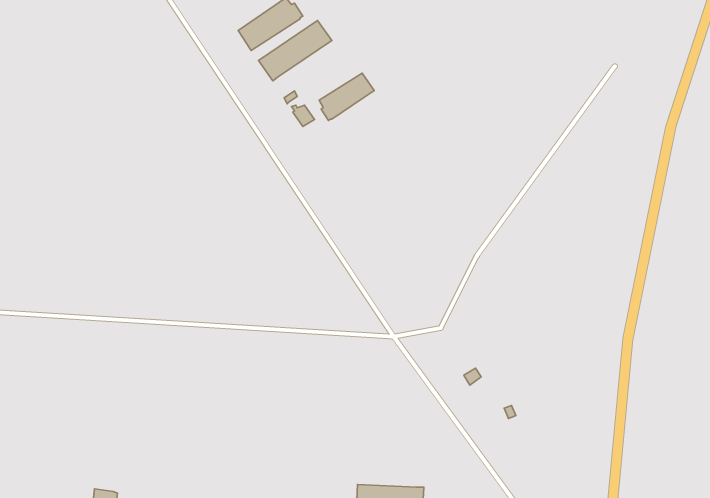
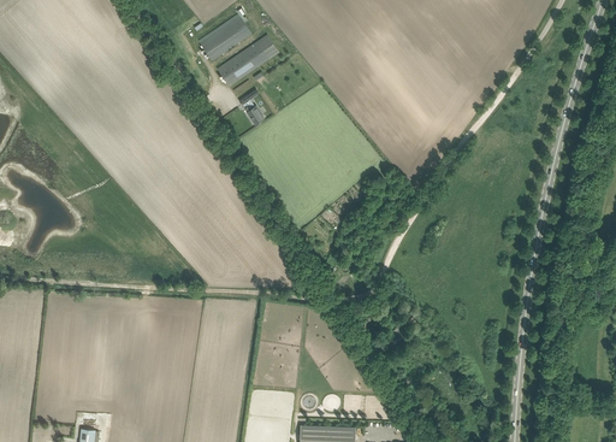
building: [319,73,374,121] -> none

